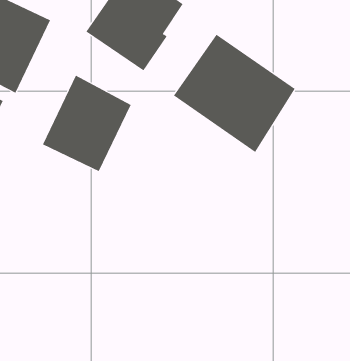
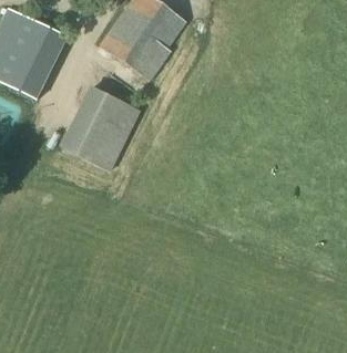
building: [173,34,295,153] -> none

